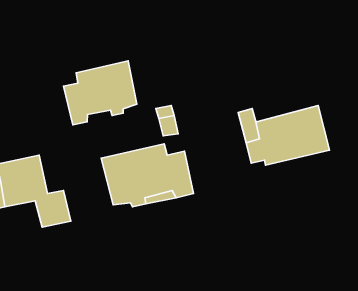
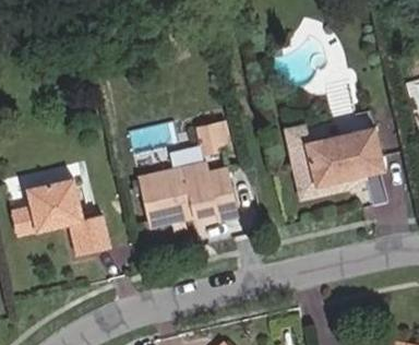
building: [64,61,137,125] -> none

